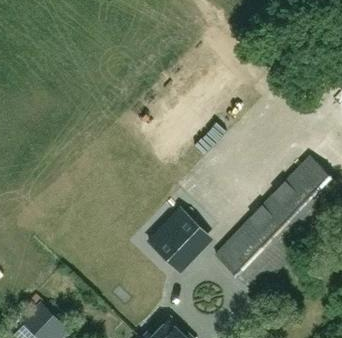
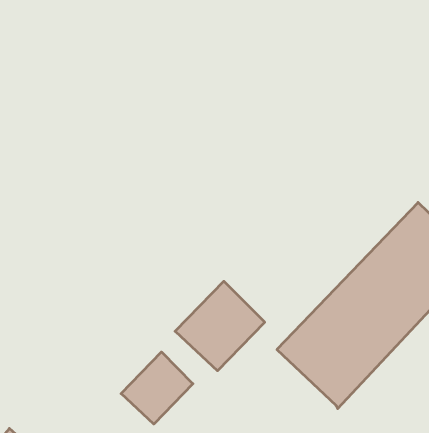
building: none -> [121,352,193,424]

